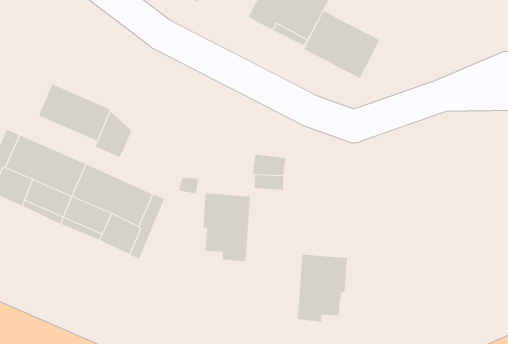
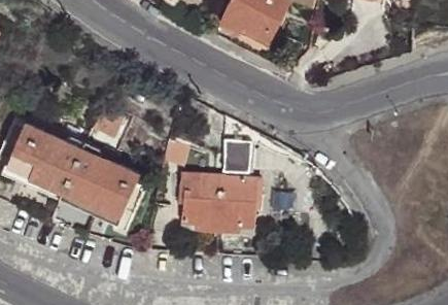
building: [303,10,380,79] -> none
building: [38,84,111,141] -> none
building: [297,254,348,322] -> [217,174,261,232]

